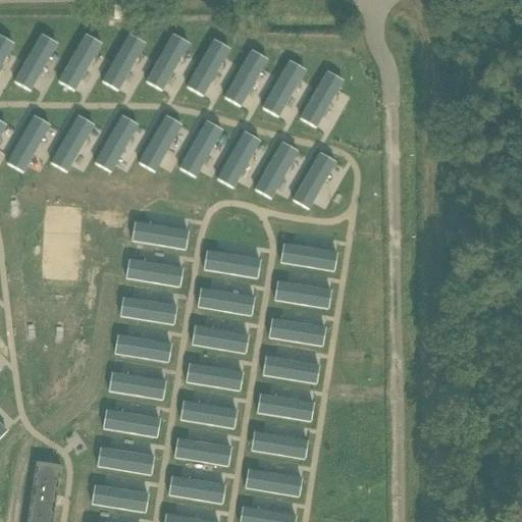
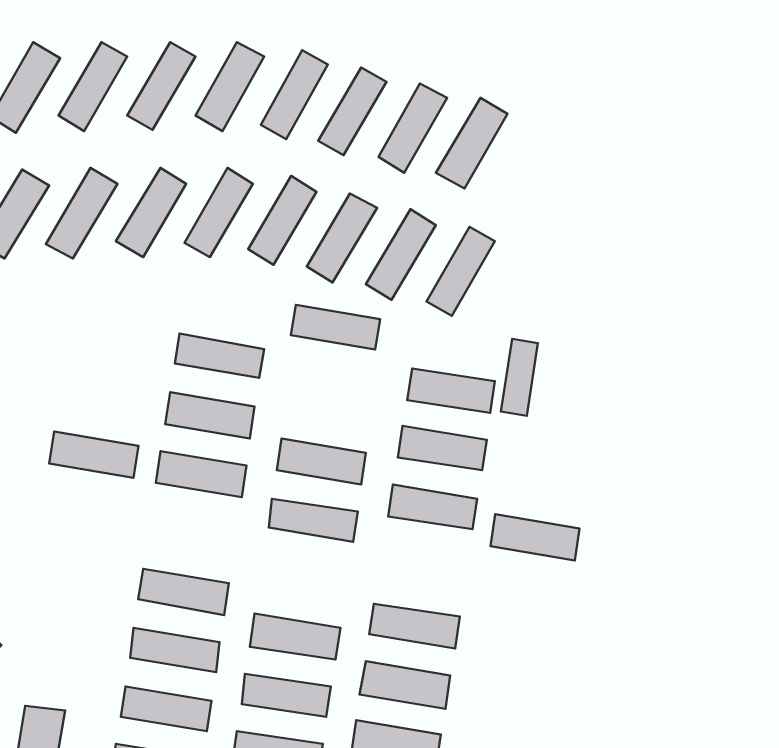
building: none -> [501,339,538,416]
building: [203,249,260,277] -> [291,305,380,350]
building: [114,332,171,362] -> [49,432,138,478]
building: [262,354,319,383] -> [491,514,580,560]
building: [186,362,243,390] -> none

